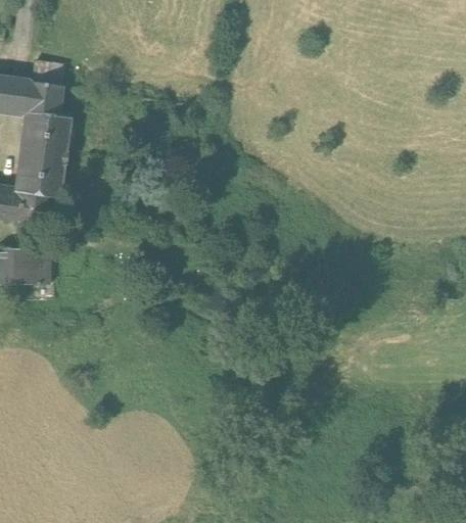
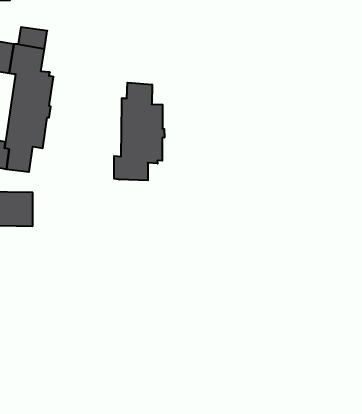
building: none -> [114,83,164,180]

